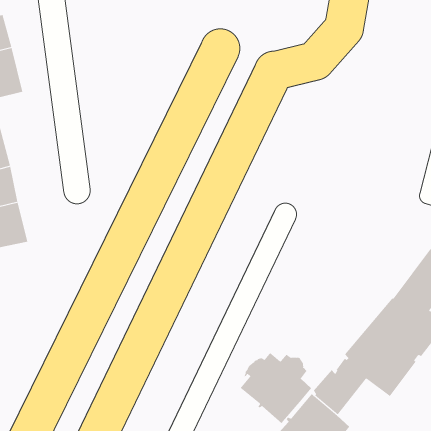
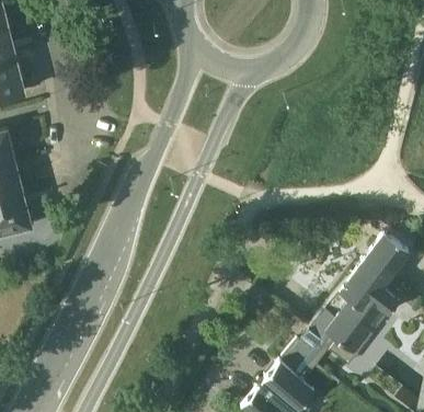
building: [240,352,312,424] -> none

